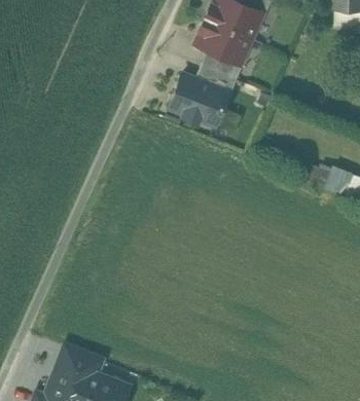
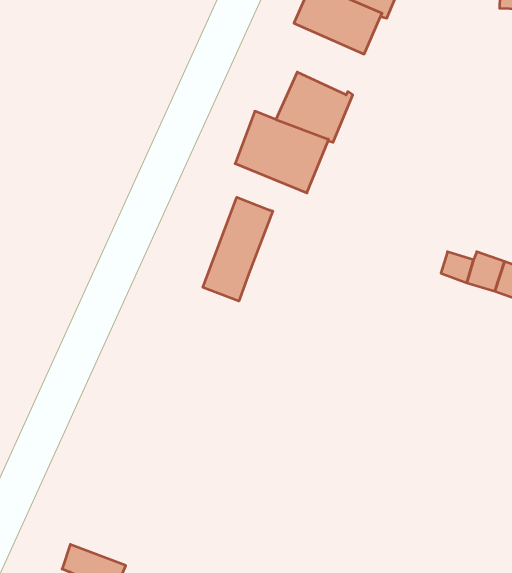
building: [192,22,249,67] -> none
building: none -> [203,197,273,301]

